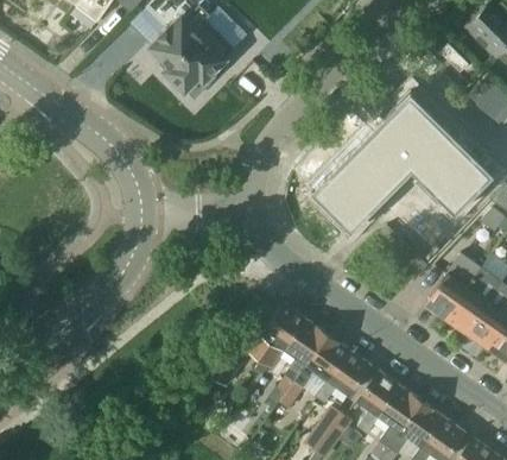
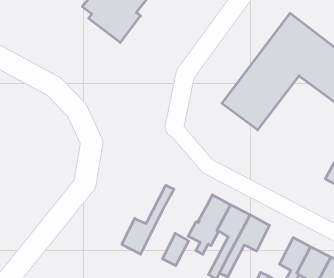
building: none -> [122,185,174,254]
building: [316,352,370,404] -> none

